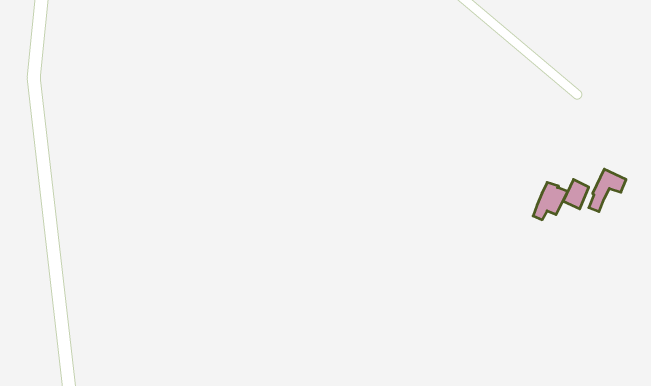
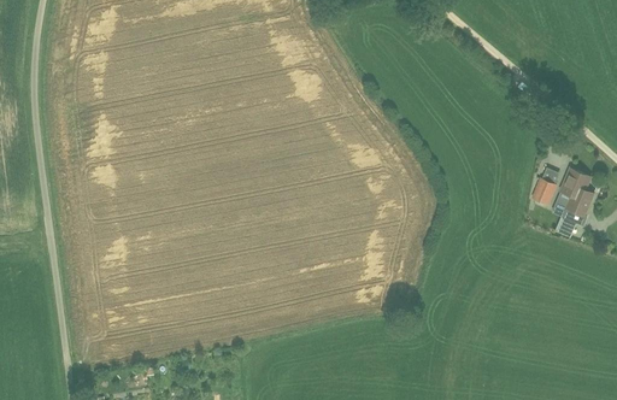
building: [533,182,568,220] -> [562,186,594,220]

